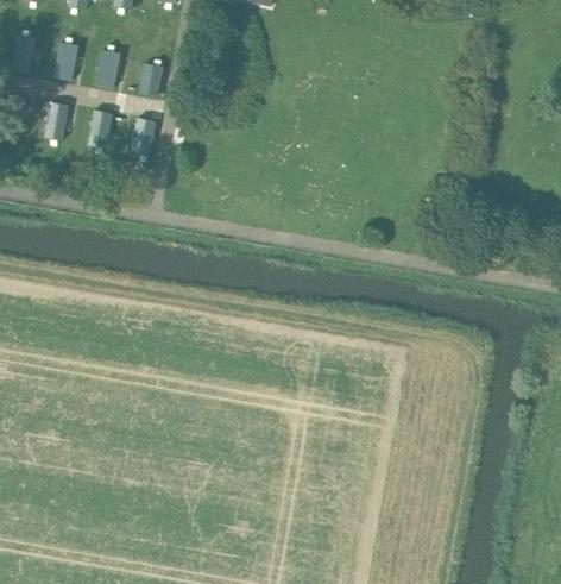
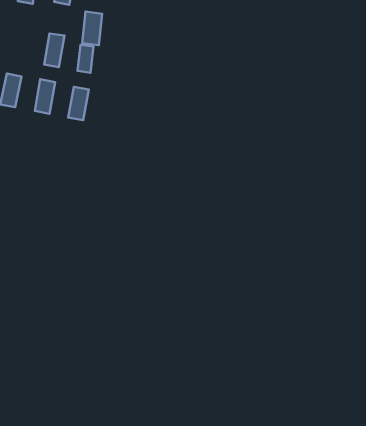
building: none -> [82,12,102,45]
building: [53,38,80,81] -> none

